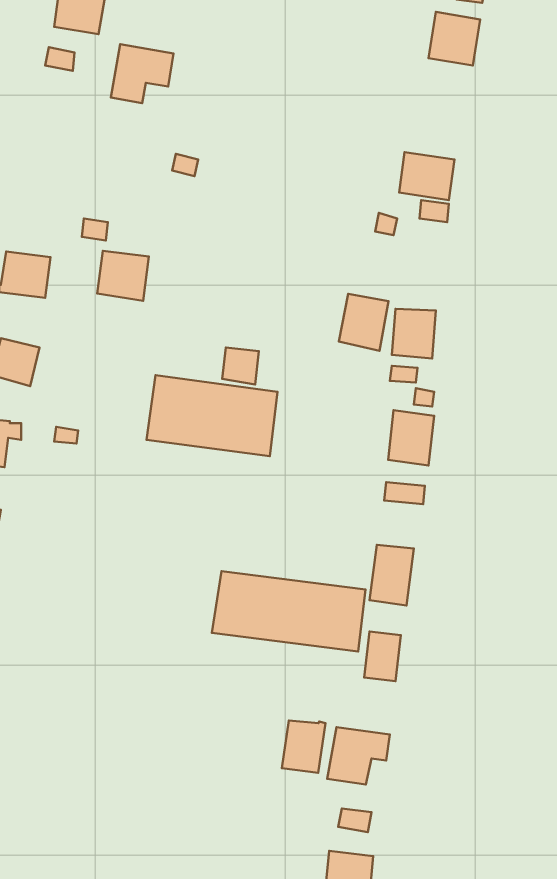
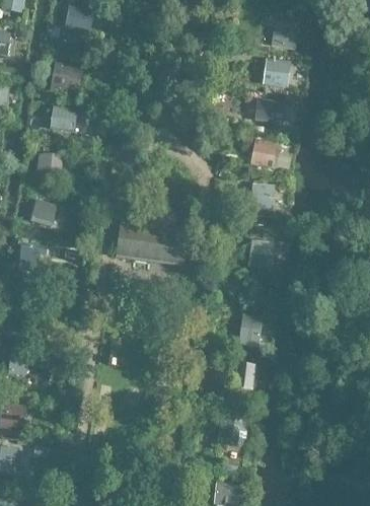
building: [111,44,174,103] -> [50,62,84,94]
building: none -> [263,59,292,88]
building: [97,251,149,301] -> [51,106,79,134]
building: [339,294,389,351] -> [250,139,278,170]
building: [212,571,365,652] -> none
building: [282,721,325,773] -> none

